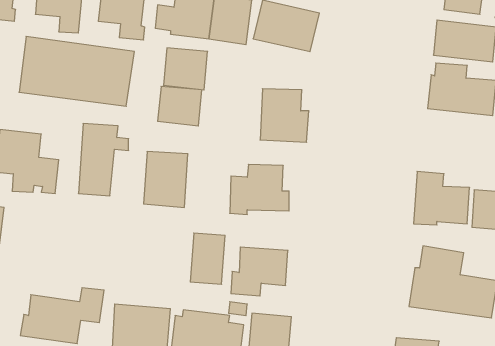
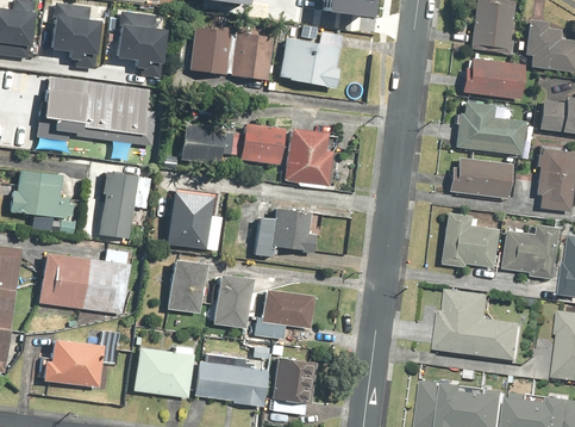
building: [163,48,208,90] -> [239,120,285,163]
building: none -> [450,156,513,197]
building: none -> [37,248,132,315]
building: none -> [165,256,204,312]

